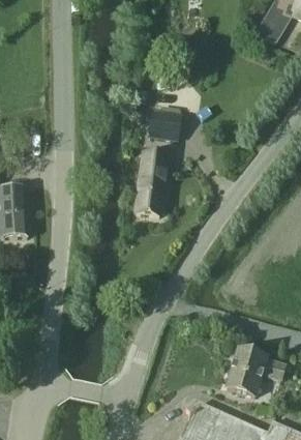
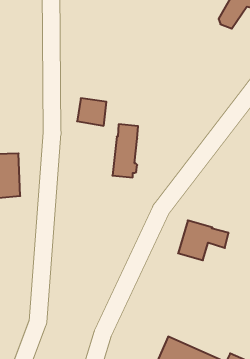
building: [147,110,181,142] -> [77,98,106,126]
building: [225,349,284,395] -> [178,220,229,260]

